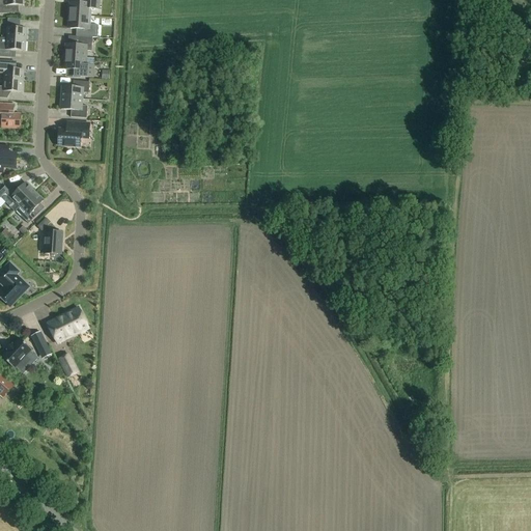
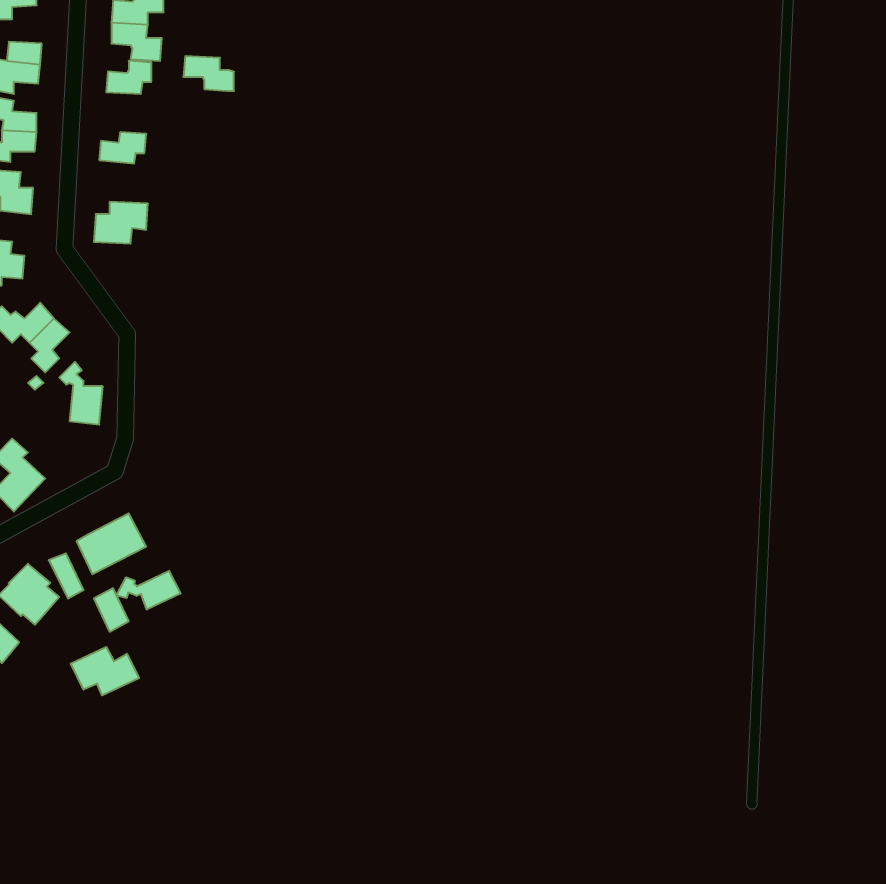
building: [62,55,92,76] -> [183,56,234,91]
building: [59,95,86,116] -> none
building: none -> [117,571,181,610]
building: none -> [71,647,139,695]

